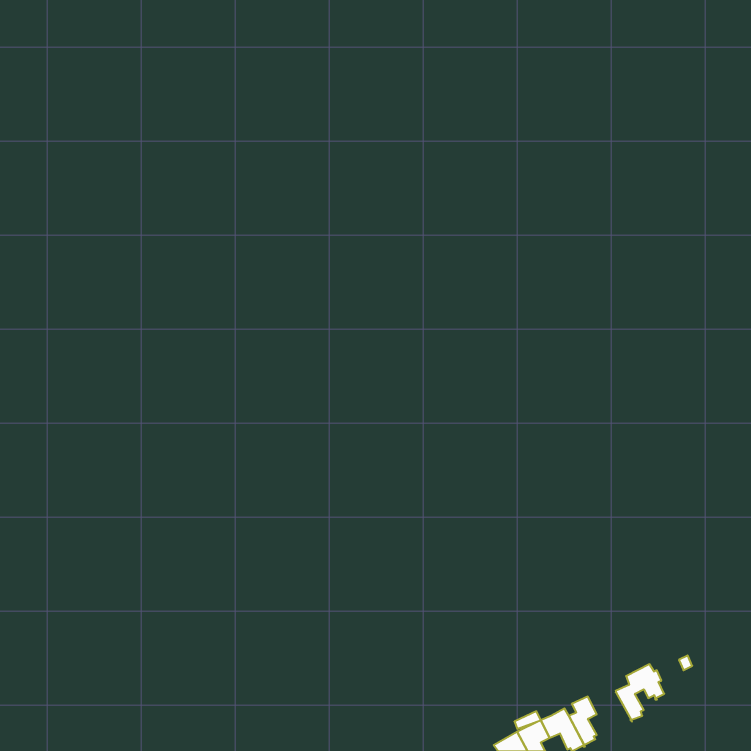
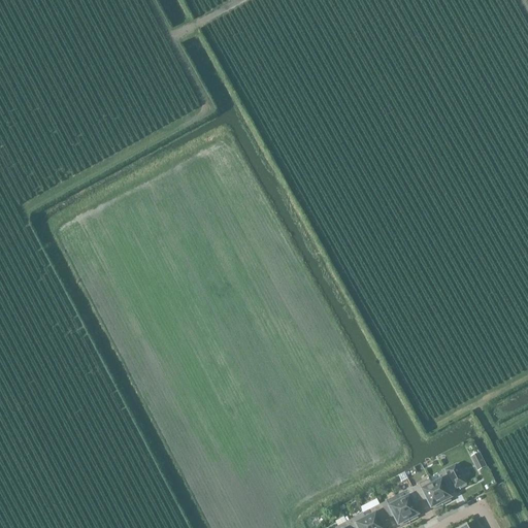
building: none -> [412,480,443,510]

